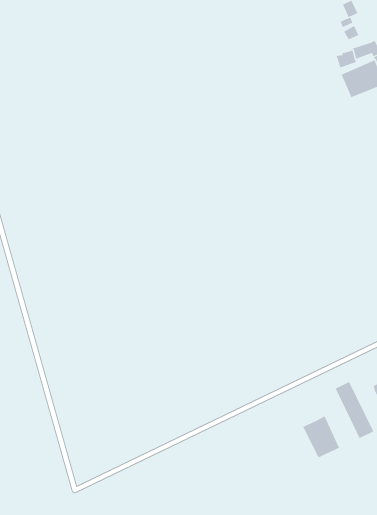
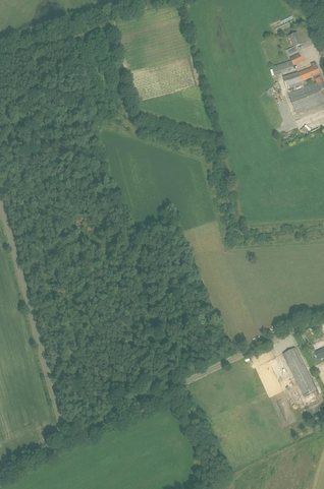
building: [303,416,340,458] -> none

